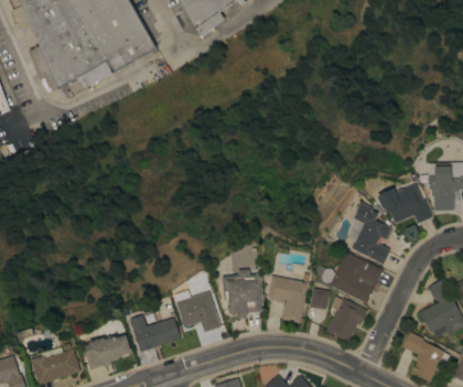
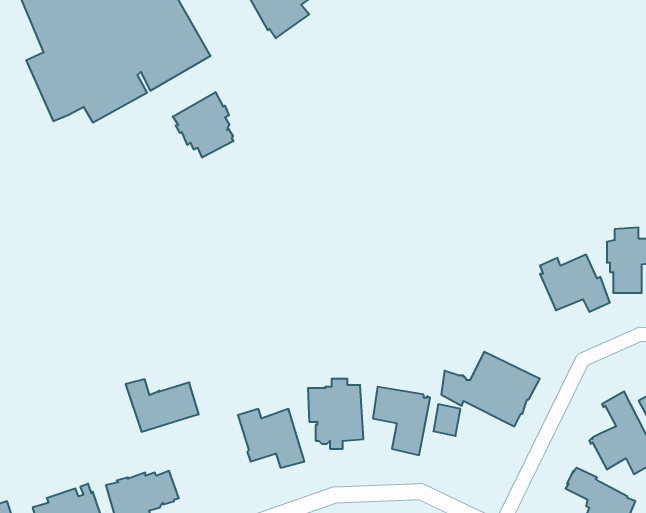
building: none -> [173,92,233,158]
building: [348,203,391,265] -> none
building: [326,297,367,342] -> none
building: [130,315,181,352] -> [126,379,199,432]

